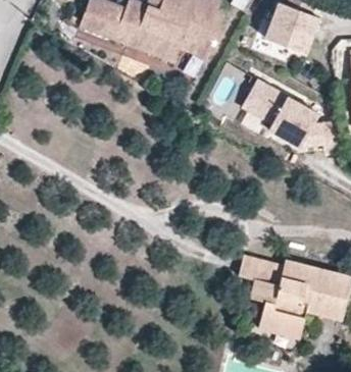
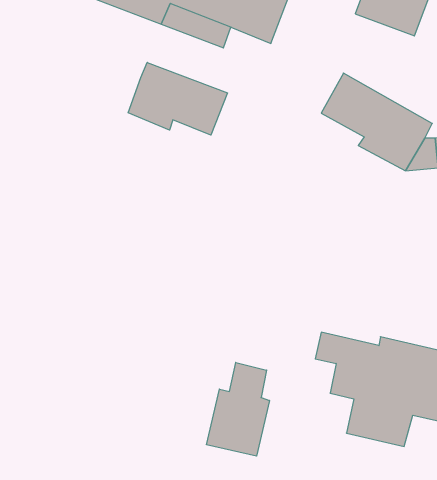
building: none -> [128,62,227,135]
building: none -> [207,362,269,456]

